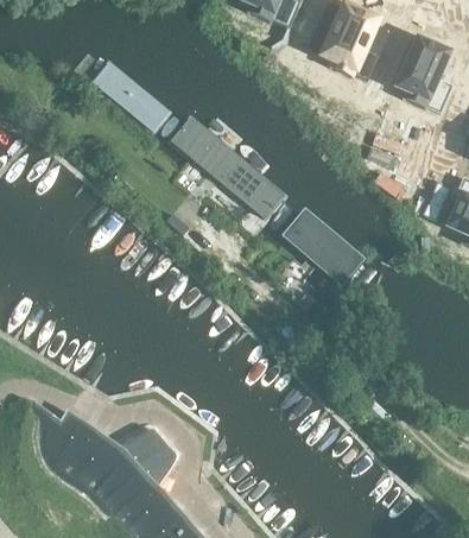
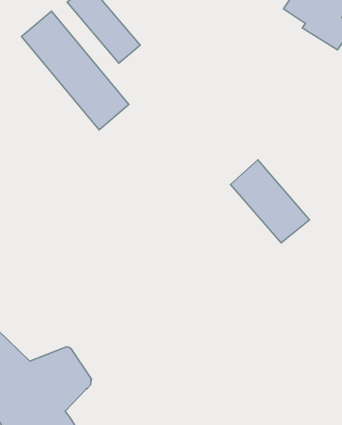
building: [169,113,285,221] -> [21,11,129,130]

